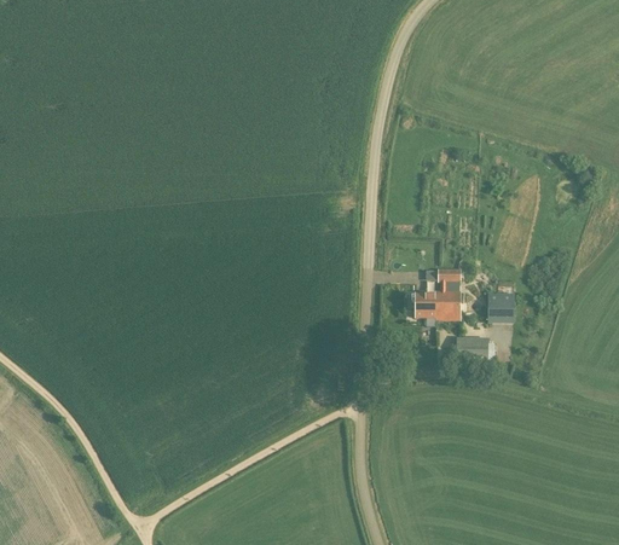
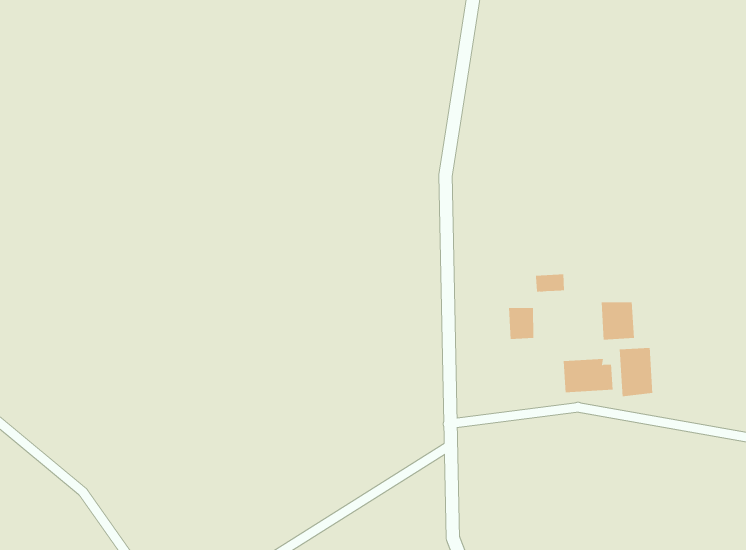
building: [434,282,459,320] -> none
building: none -> [619,347,653,397]

